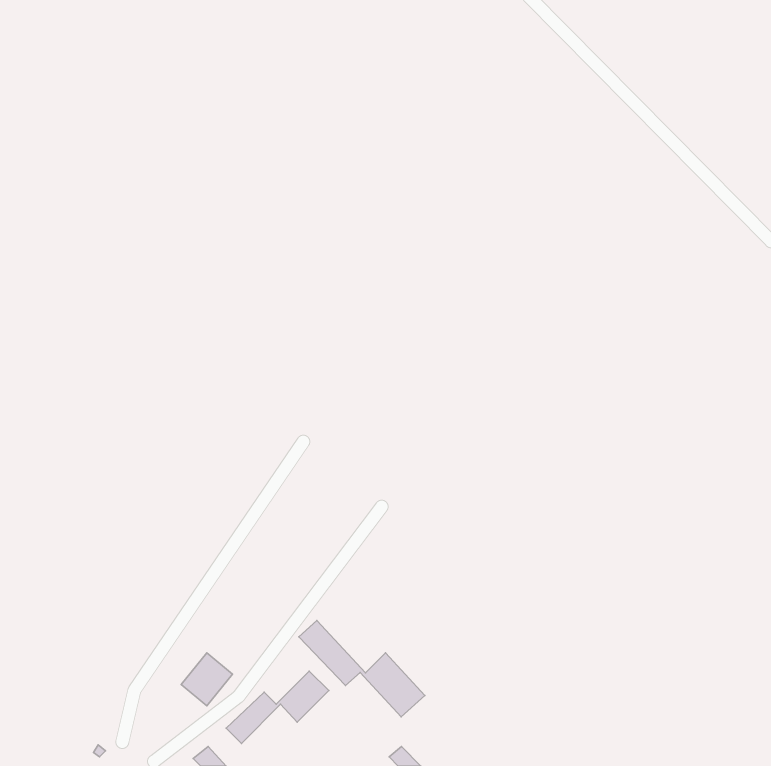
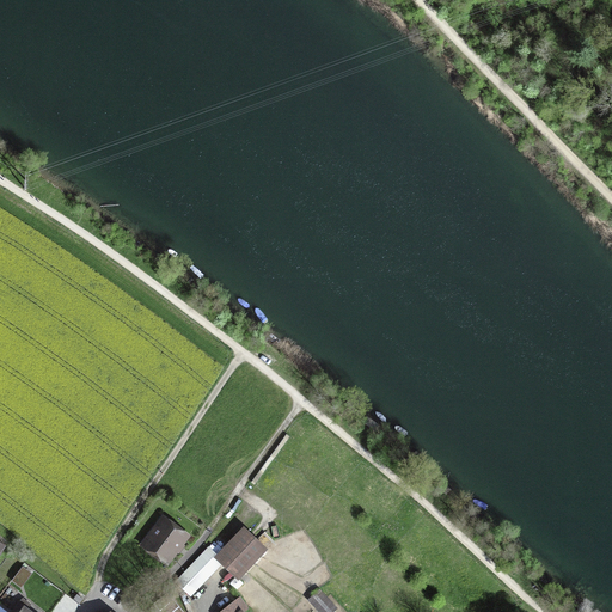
building: [299,620,425,717] -> none

